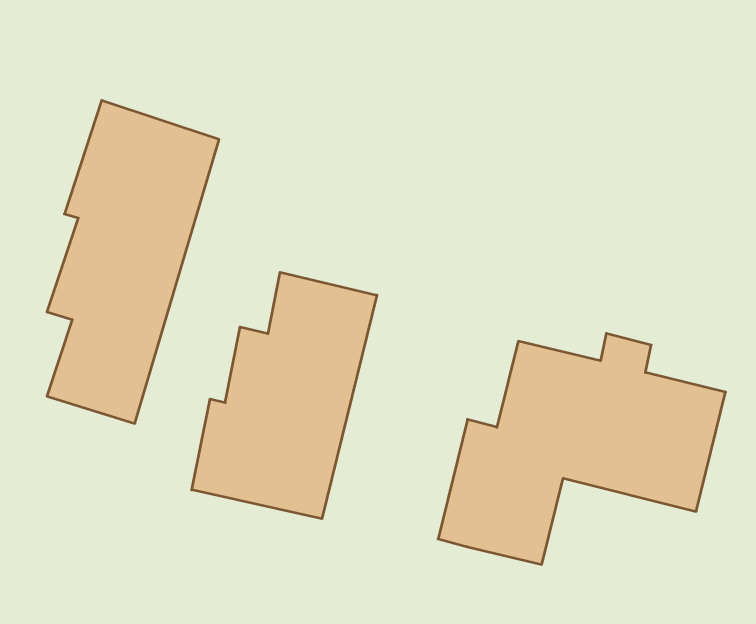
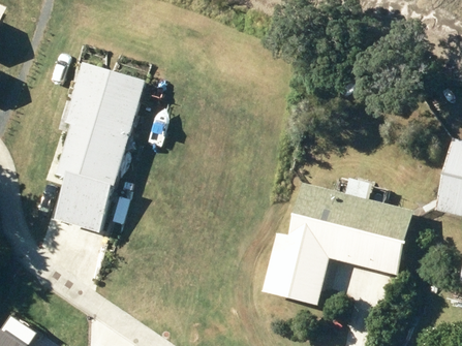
building: [192,272,377,519] -> none

